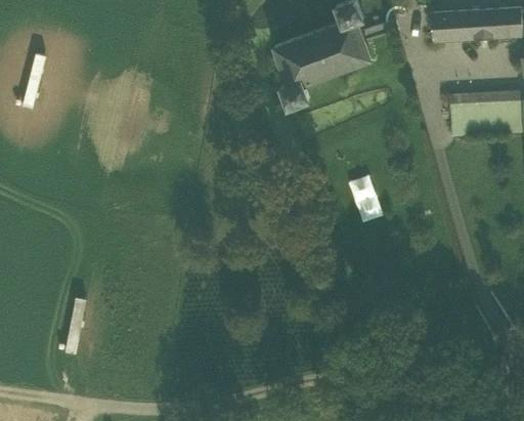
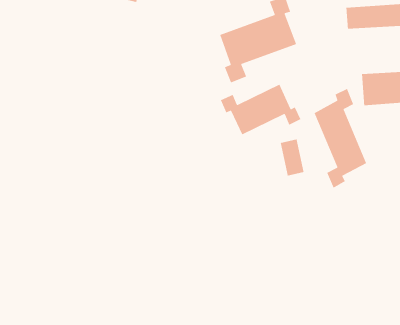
building: none -> [220,84,302,136]
building: none -> [314,88,367,189]

